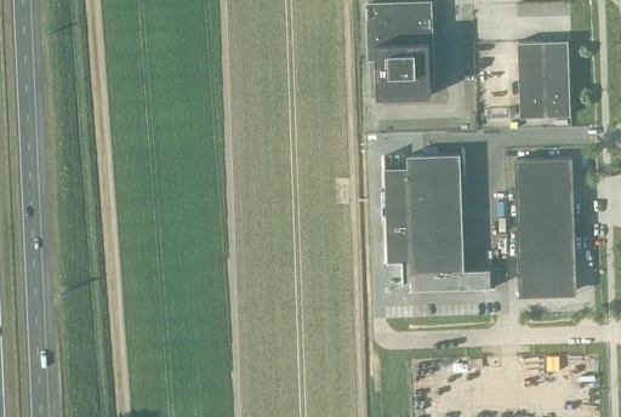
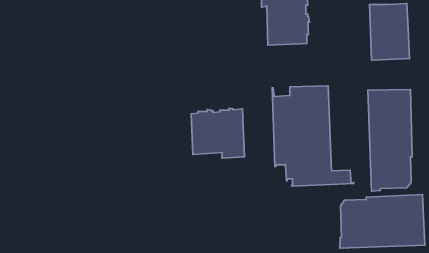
building: none -> [191,108,245,158]
building: none -> [340,195,425,248]

